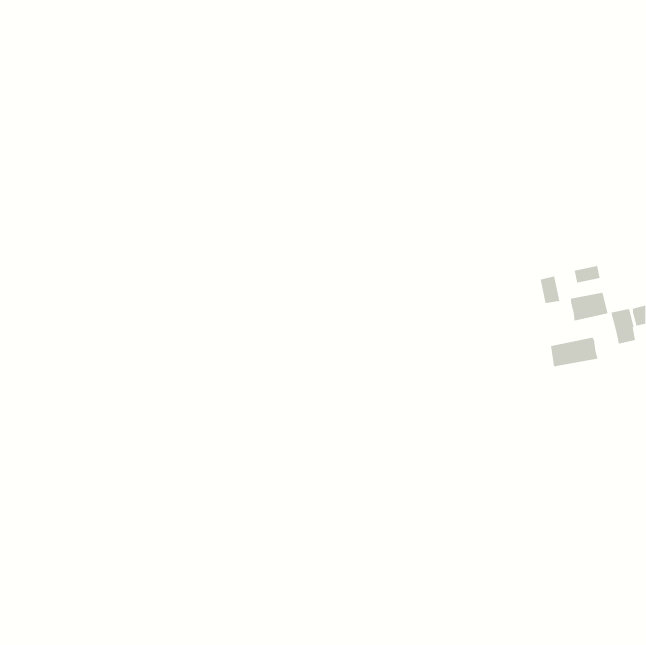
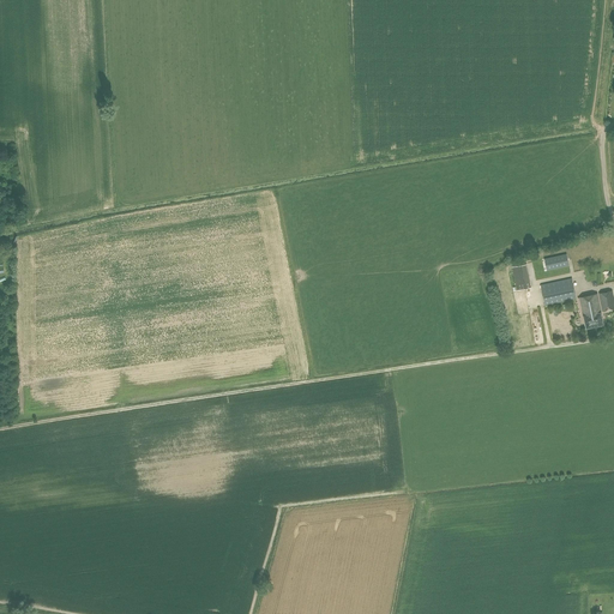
building: [551,337,598,367] -> none

